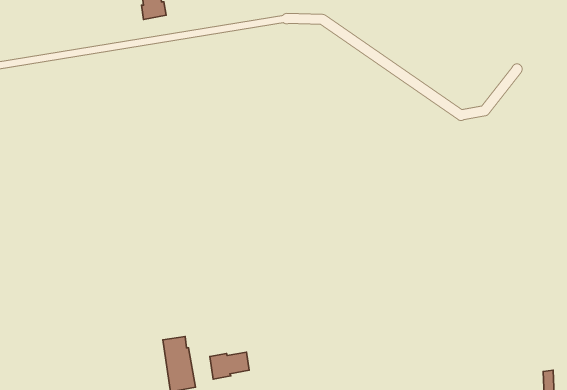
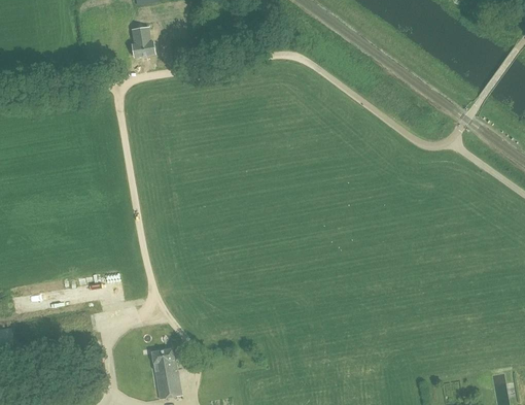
building: [210,352,249,379] -> none

